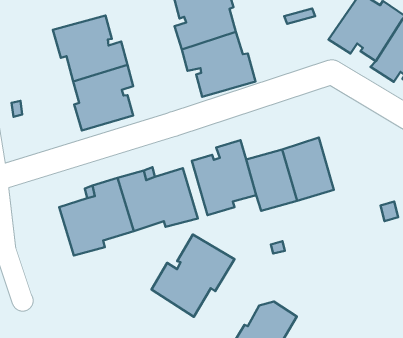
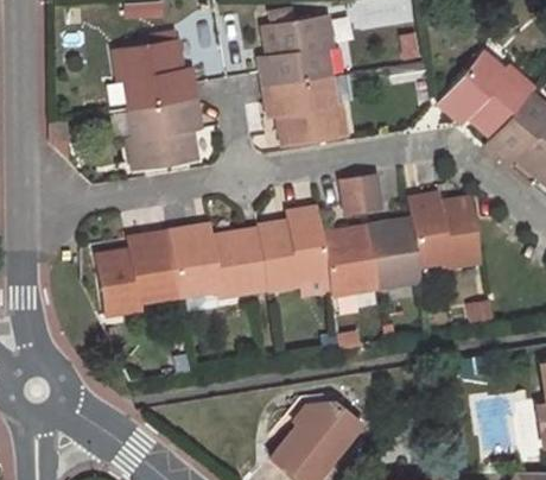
building: none -> [343,175,383,211]
building: none -> [410,194,483,266]
building: [151,235,235,317] -> none

